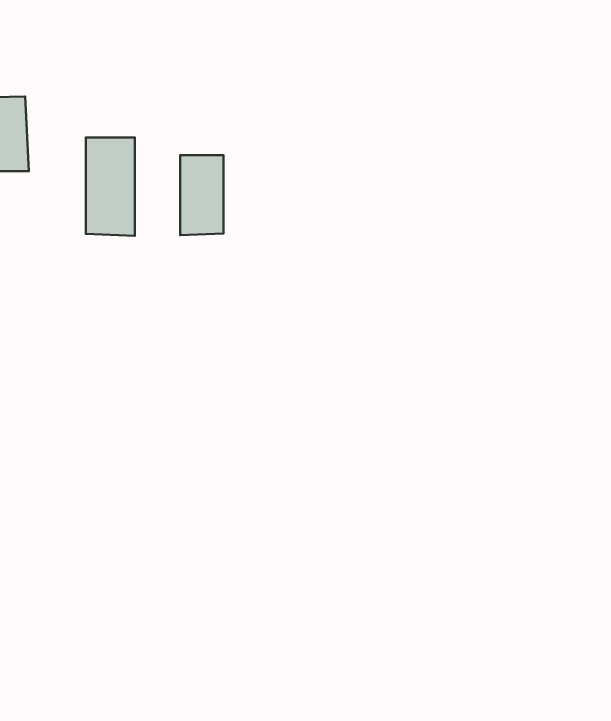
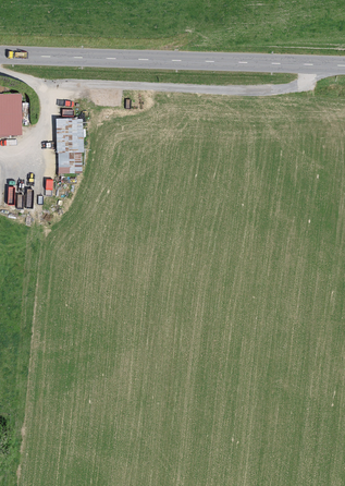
building: [180,155,223,235] -> none

